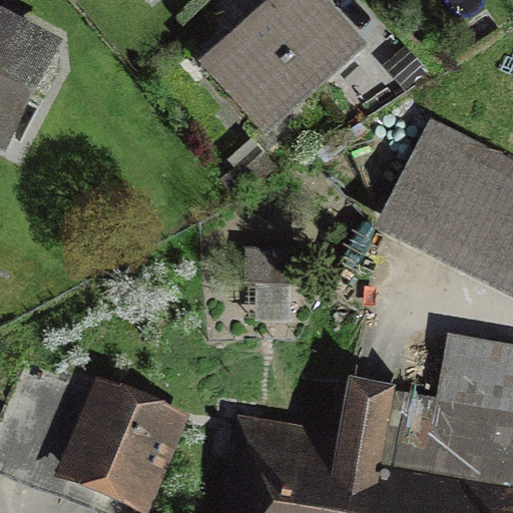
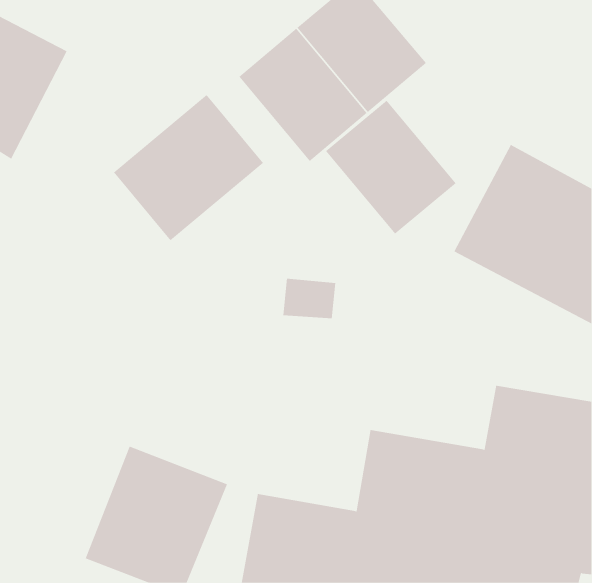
building: none -> [113,94,264,241]
building: none -> [325,100,456,235]

